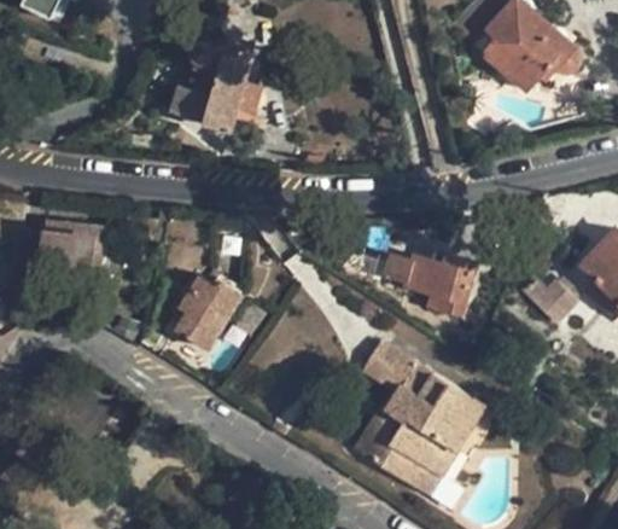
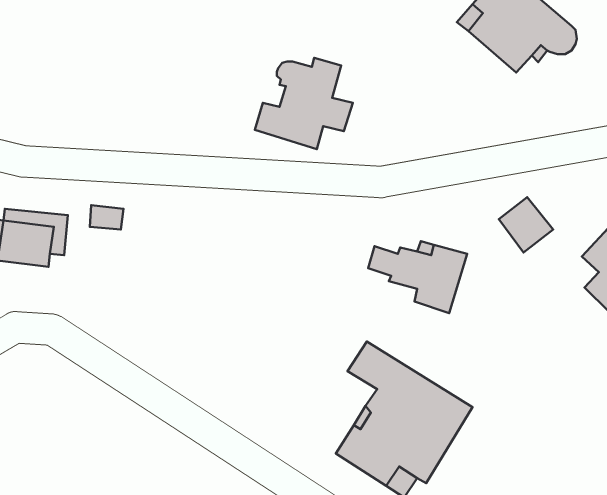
building: [169,42,261,128] -> [255,58,353,149]
building: [527,274,578,326] -> [499,197,553,253]
building: [175,275,241,349] -> none

